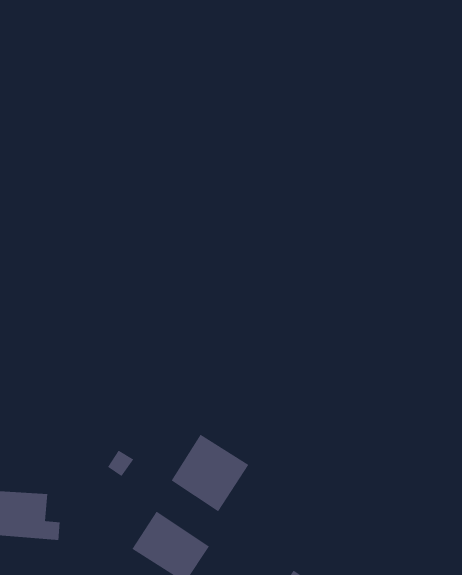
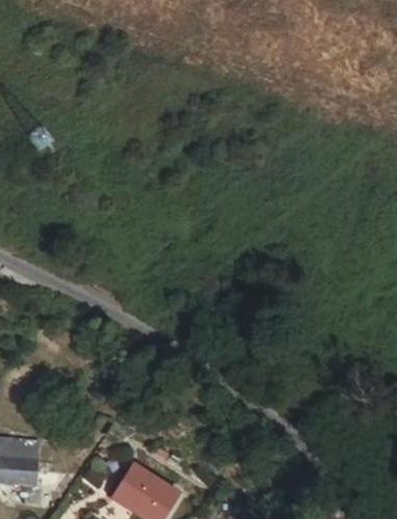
building: [171,434,249,512] -> none

